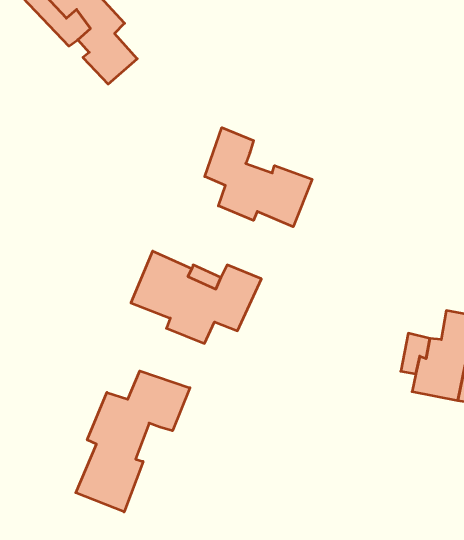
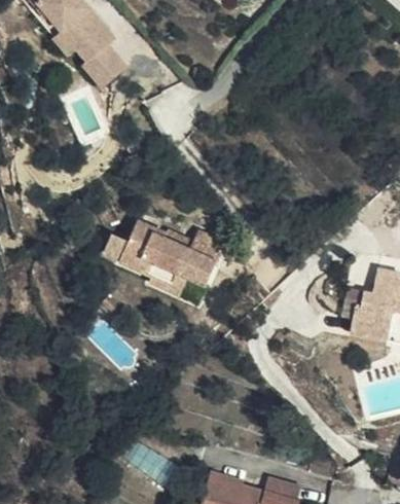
building: [205,128,312,227] -> none
building: [76,371,190,512] -> none

